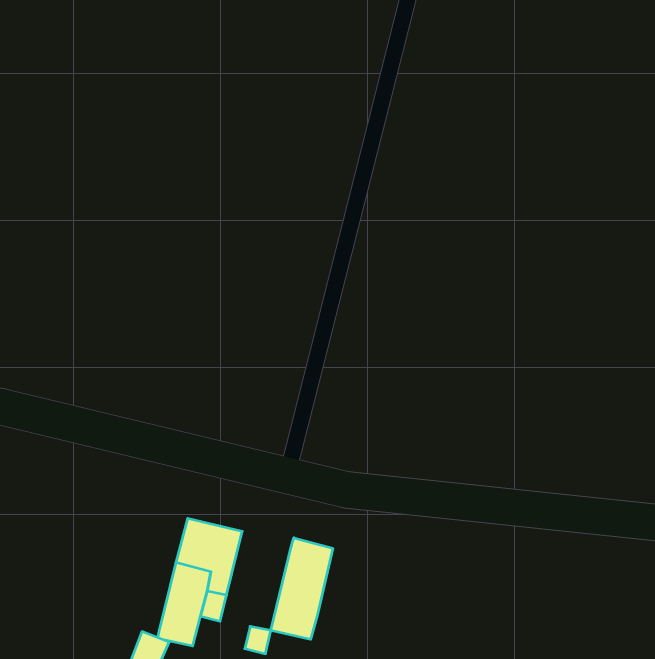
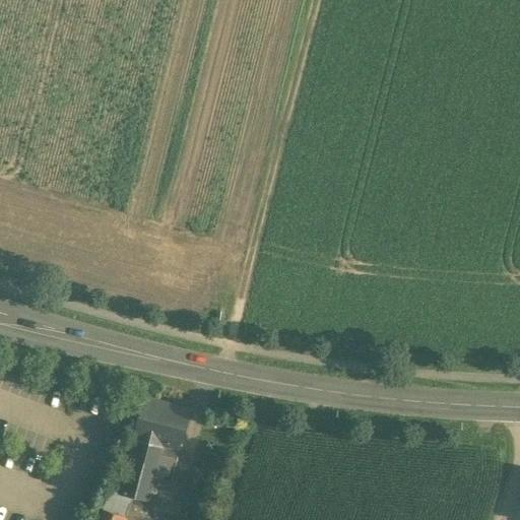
building: [271,538,333,639] -> none

